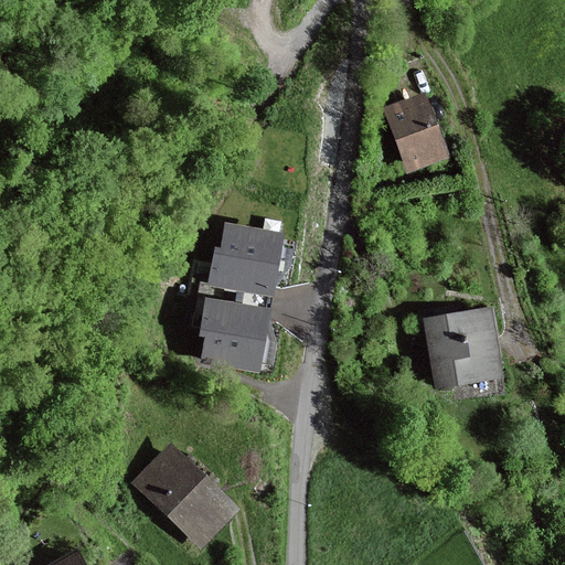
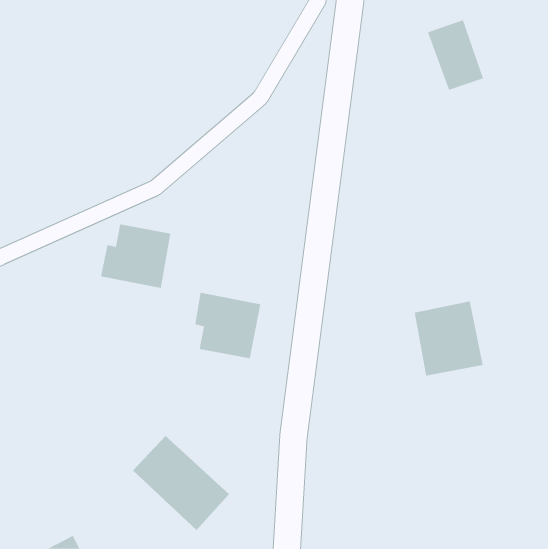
building: [386,96,445,169] -> [427,19,484,90]
building: [209,228,281,295] -> [100,224,171,288]

